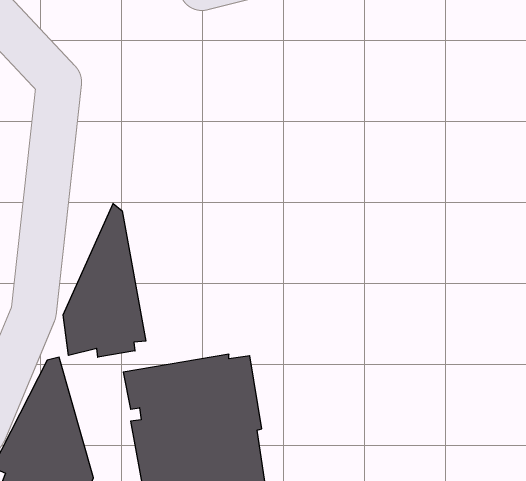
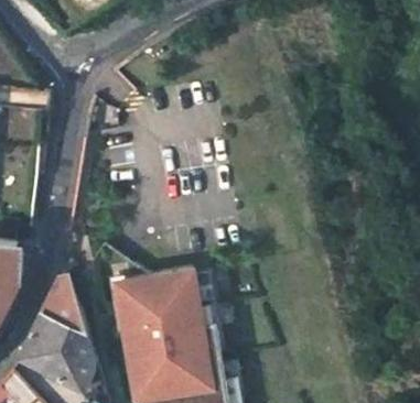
building: [63,203,146,357] -> none

